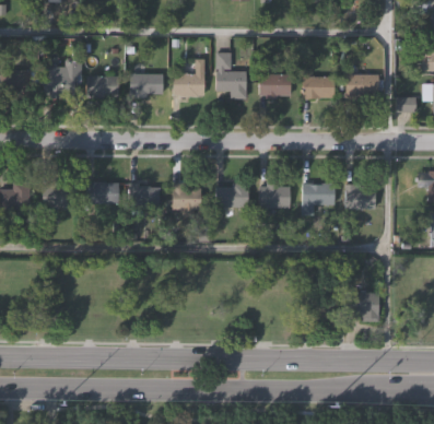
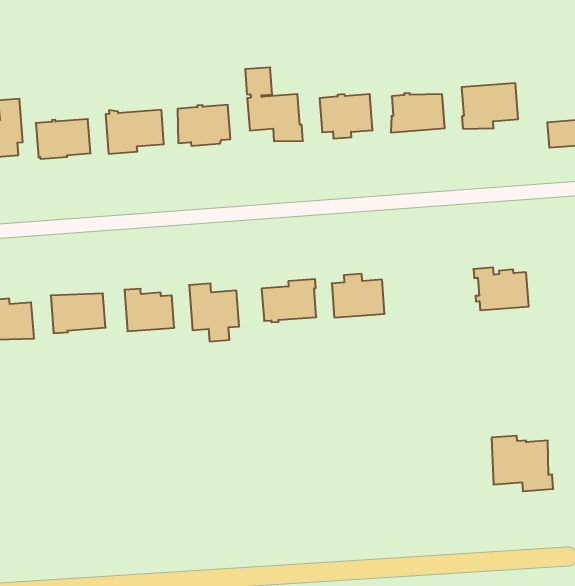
building: [302,184,335,215] -> none

